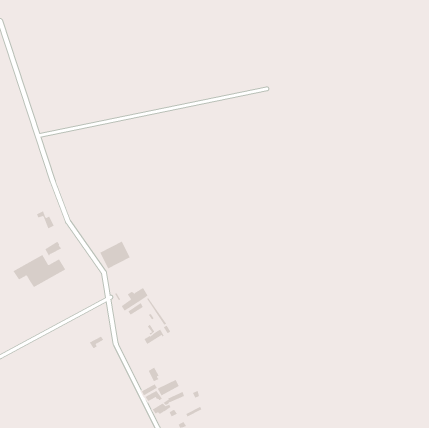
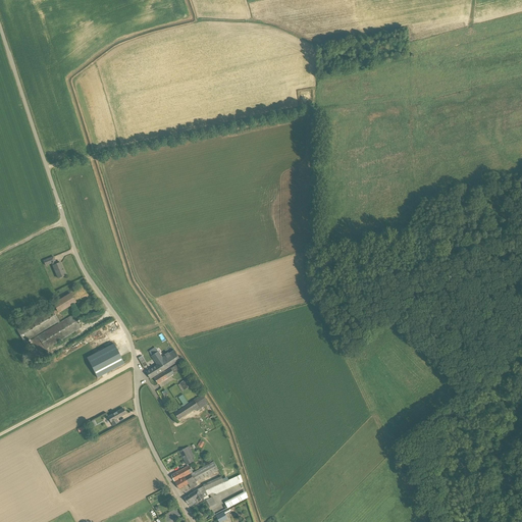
building: [99,241,130,269] -> [87,343,124,377]

